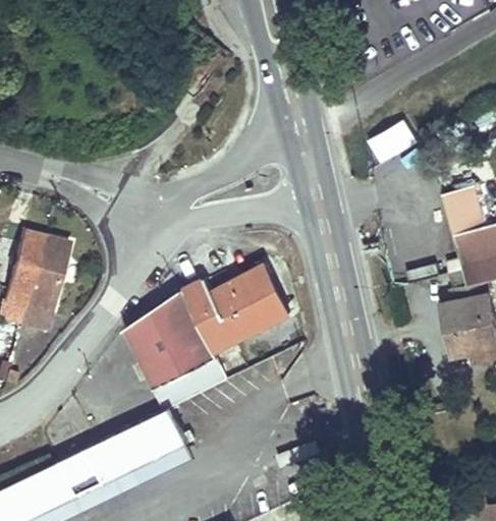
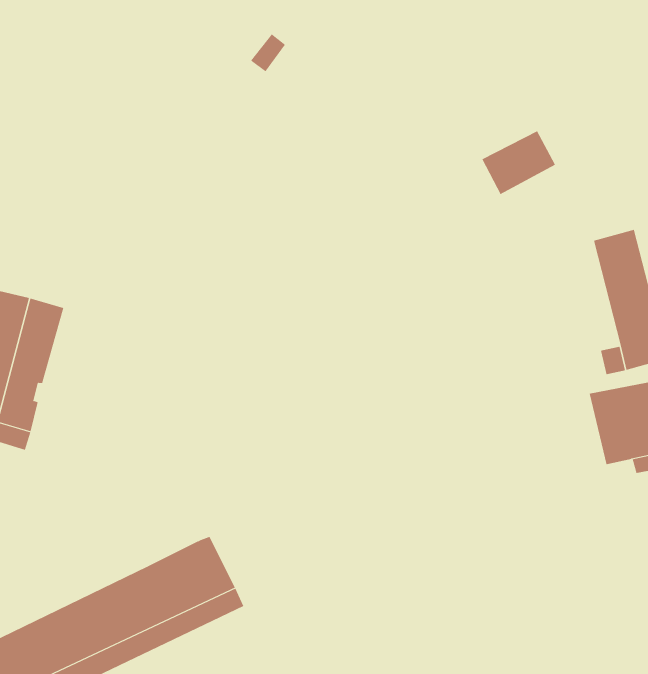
building: [125,266,288,410] -> none

